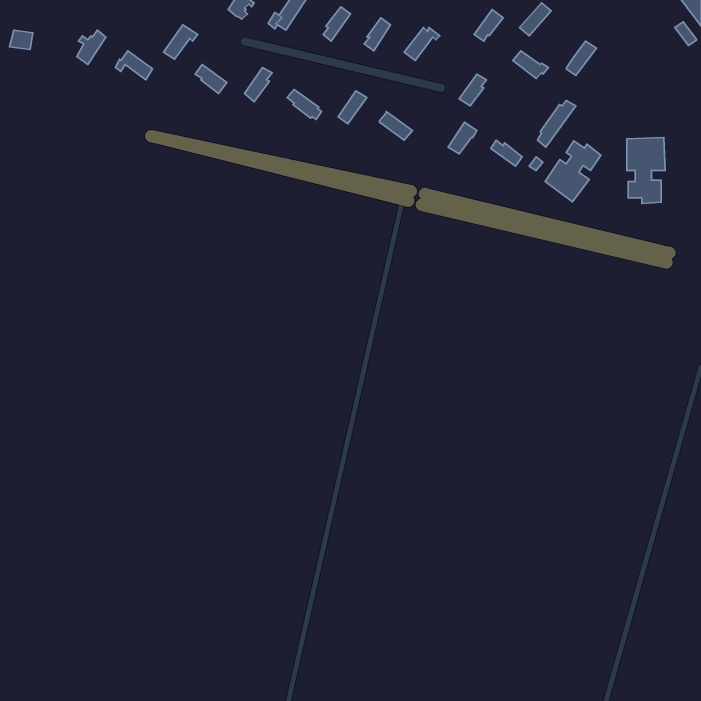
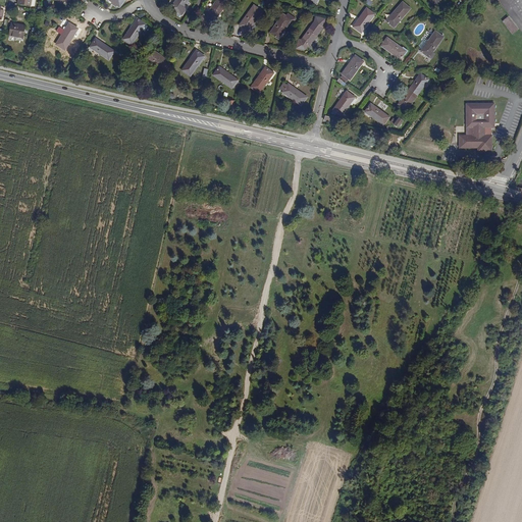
building: [545,141,601,202] -> none

